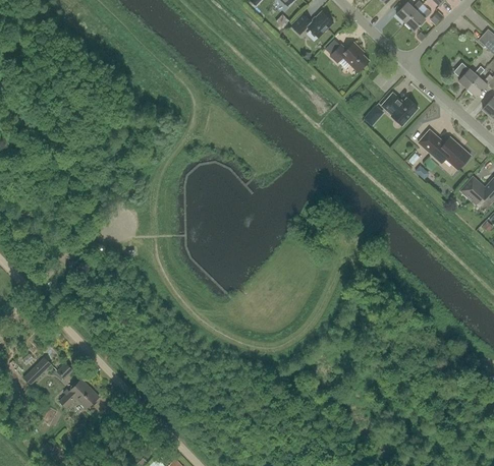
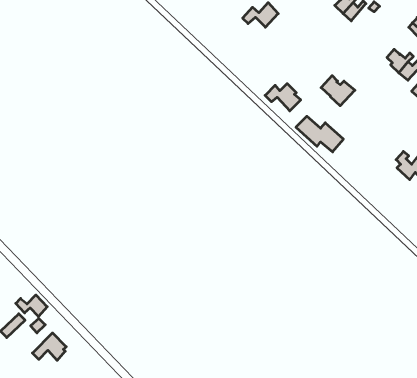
building: [329,42,369,72] -> [265,84,301,111]
building: [417,129,470,169] -> [296,116,343,152]
building: none -> [16,295,47,317]

